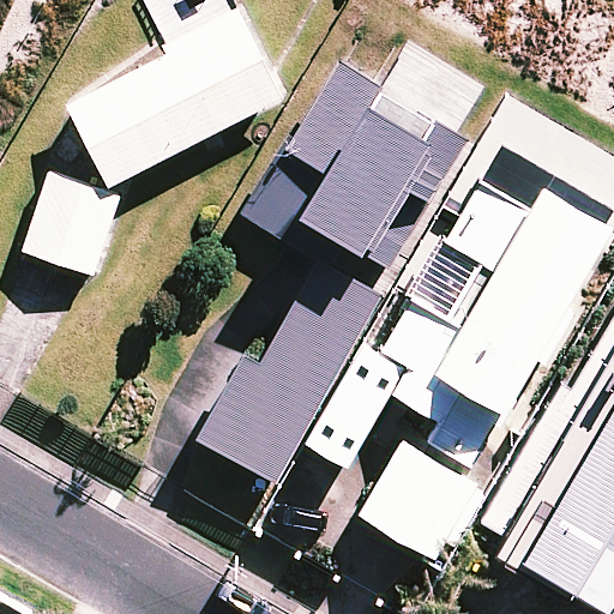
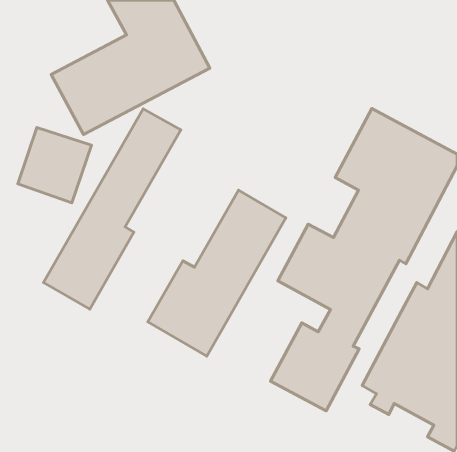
building: [241,53,484,269] -> none
building: none -> [43,109,181,309]

